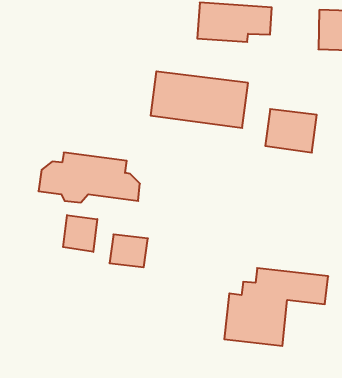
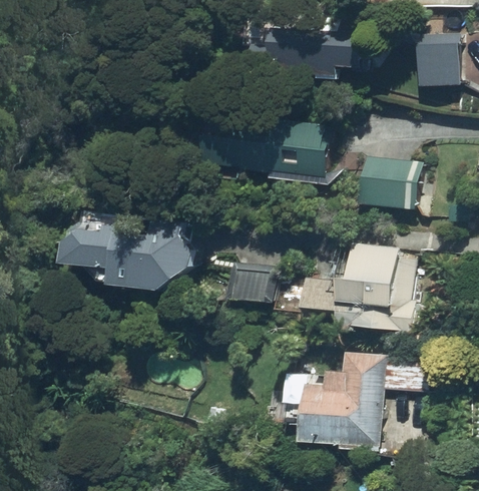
building: none -> [304,242,411,336]
building: [63,215,97,252] -> none
building: [109,234,148,267] -> [227,264,275,304]

